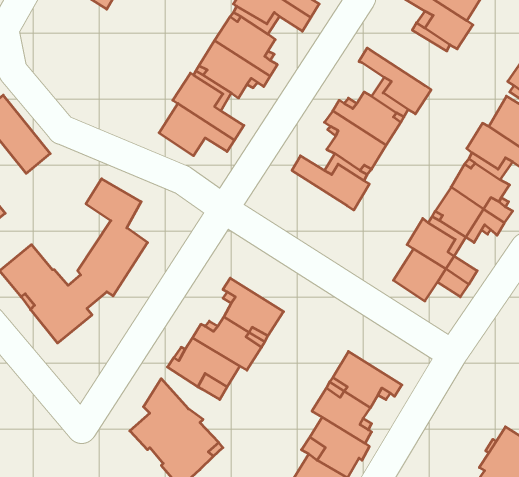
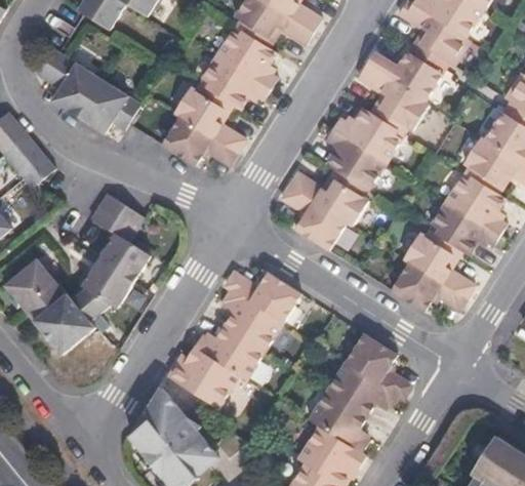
building: none -> [35,46,140,133]
building: none -> [364,50,439,102]
building: none -> [283,185,345,250]
building: none -> [225,272,300,323]
building: none -> [346,332,410,398]

